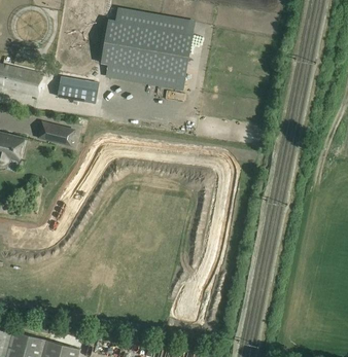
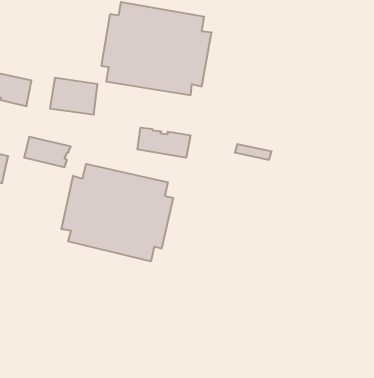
building: none -> [137,128,190,158]
building: none -> [61,164,173,261]

